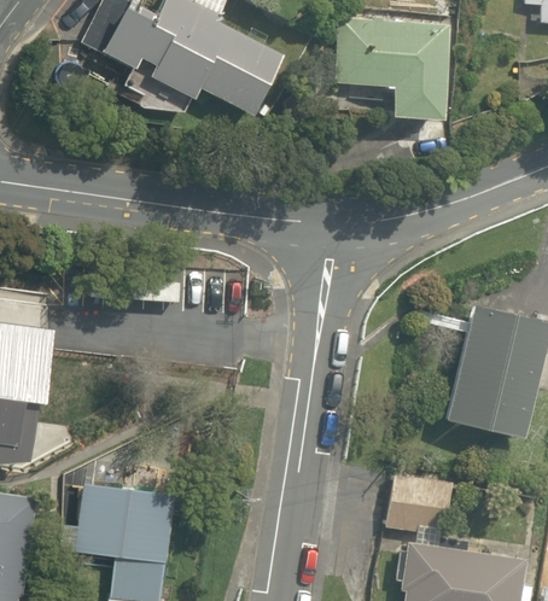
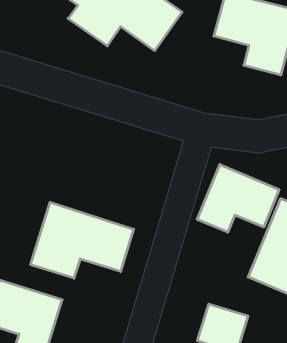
building: none -> [197,164,279,232]
building: none -> [31,202,134,278]

